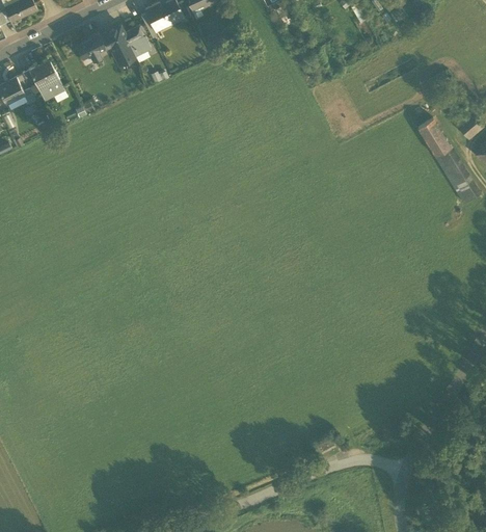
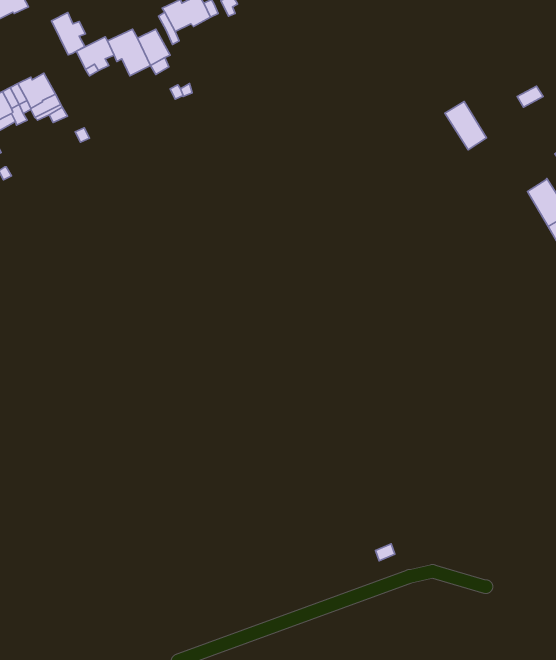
building: none -> [51,13,85,55]
building: [416,116,450,155] -> [445,102,486,150]

